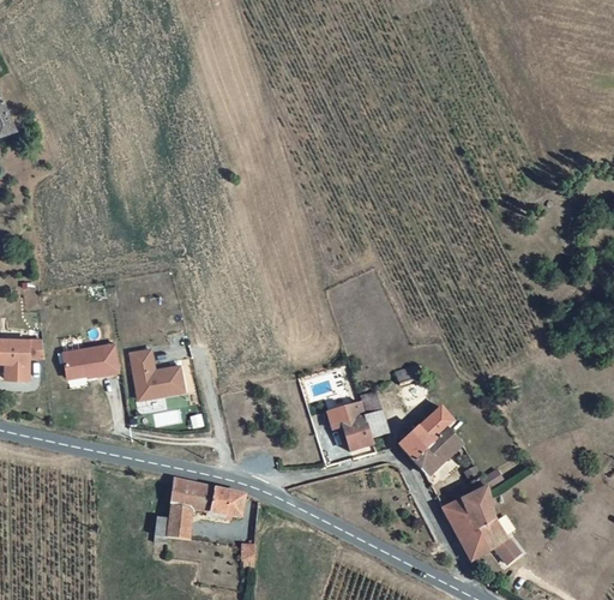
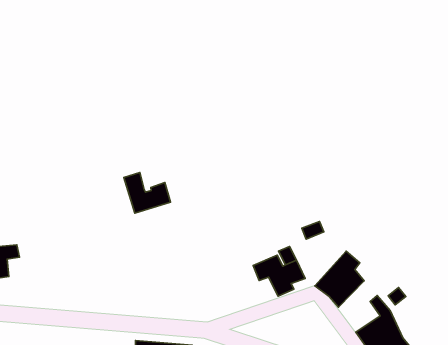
building: [64,343,120,377] -> none
building: [131,348,183,397] -> [124,172,171,213]

